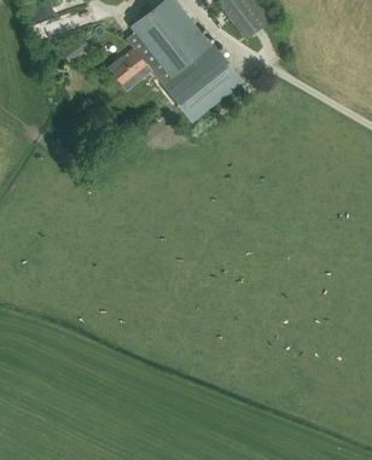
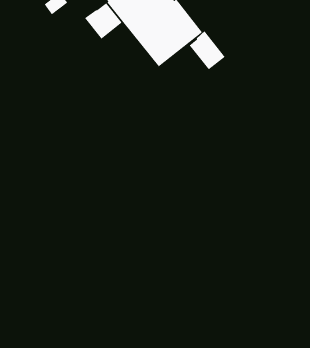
building: none -> [189,31,226,70]

